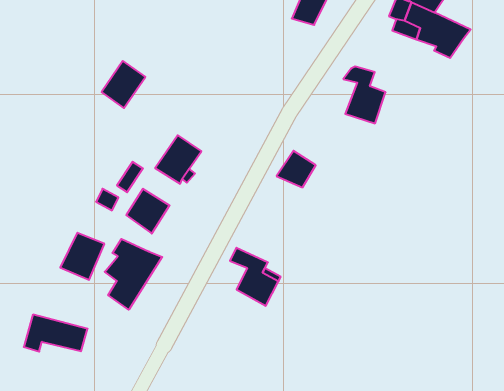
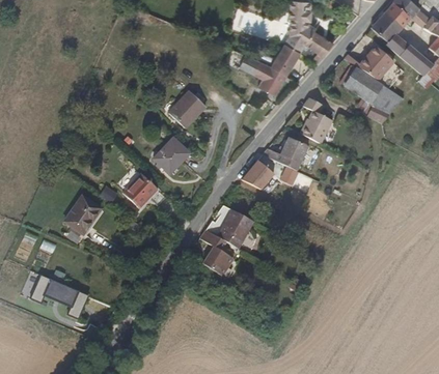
building: none -> [244,55,293,89]
building: [102,61,145,108] -> [173,96,209,133]
building: none -> [258,146,307,179]
building: none -> [203,208,251,253]
building: [105,239,162,310] -> none

